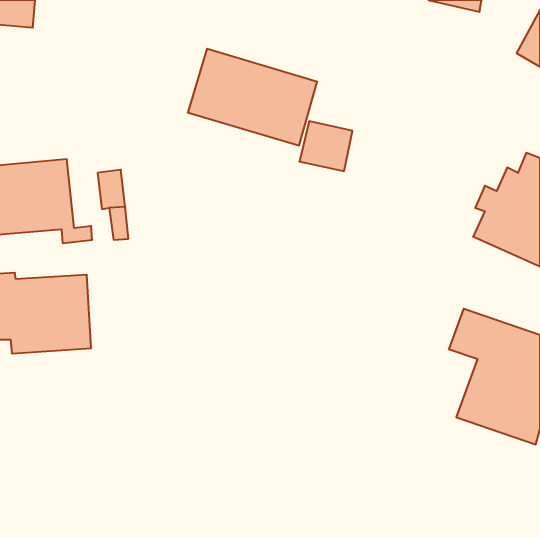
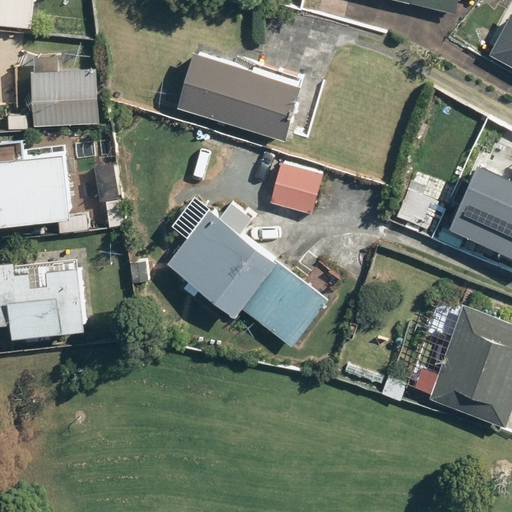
building: none -> [31,70,98,130]
building: [299,121,352,171] -> [272,165,322,212]
building: none -> [165,197,341,347]

